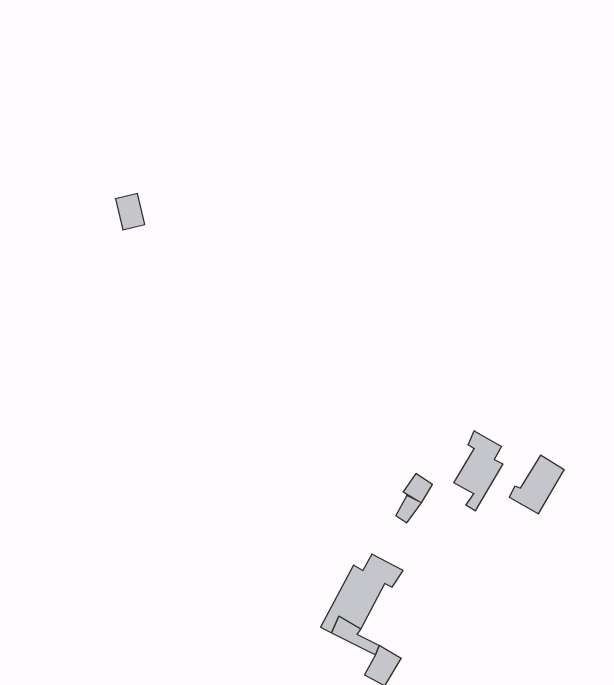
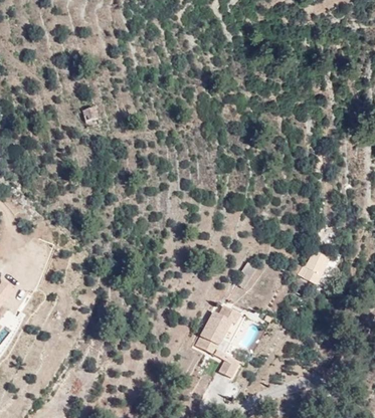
building: [454,431,503,511] -> none

